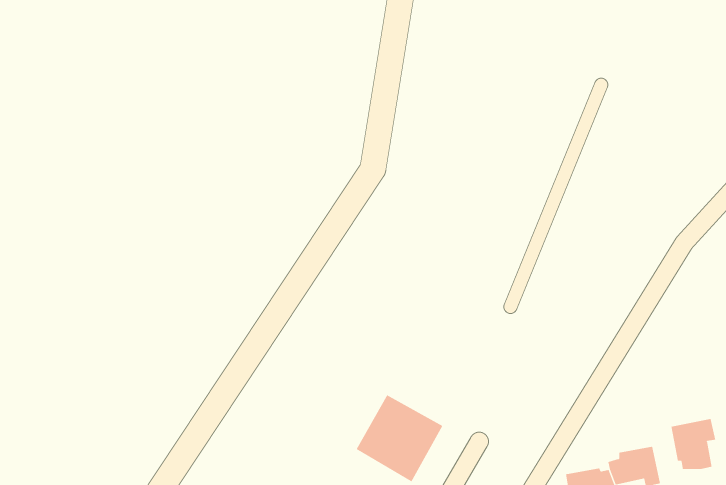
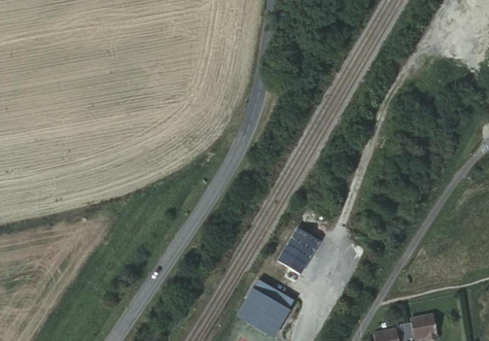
building: none -> [277,226,321,271]
building: [671,418,716,470] -> none

